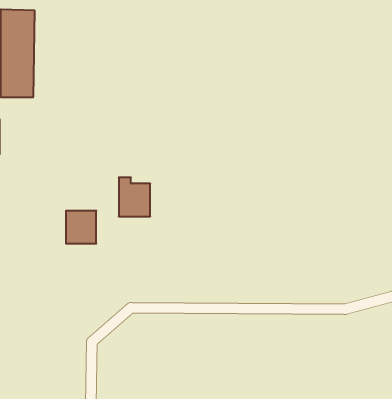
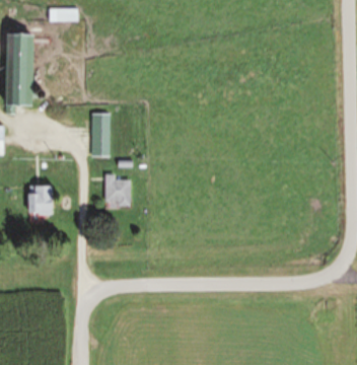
building: none -> [90,128,110,156]
building: [66,211,96,244] -> [28,186,54,213]

